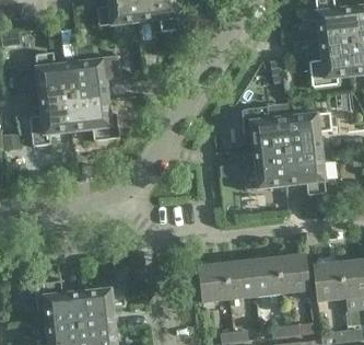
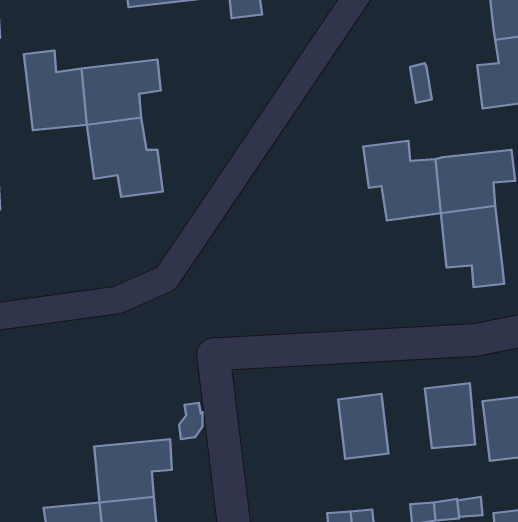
building: [30,97,78,147] -> none
building: [243,151,291,189] -> none
building: [251,257,282,297] -> none
building: [198,264,230,303] -> none
building: [35,281,81,330] -> none

